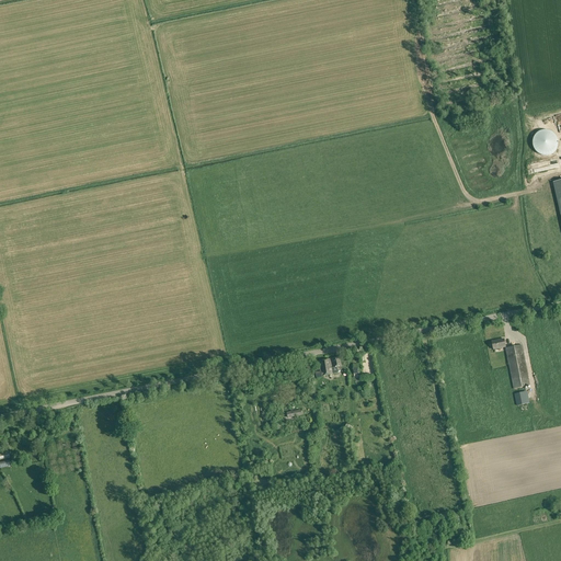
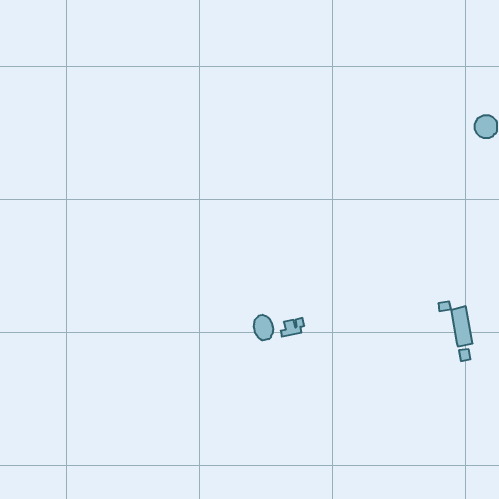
building: none -> [254,315,273,340]

